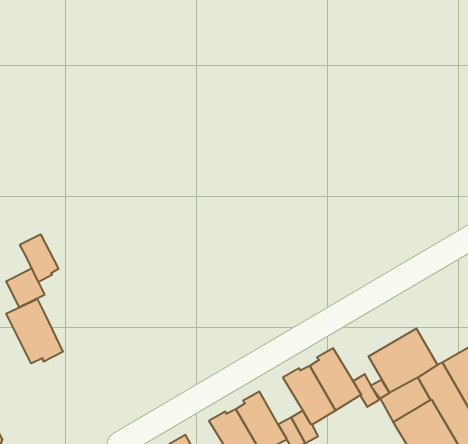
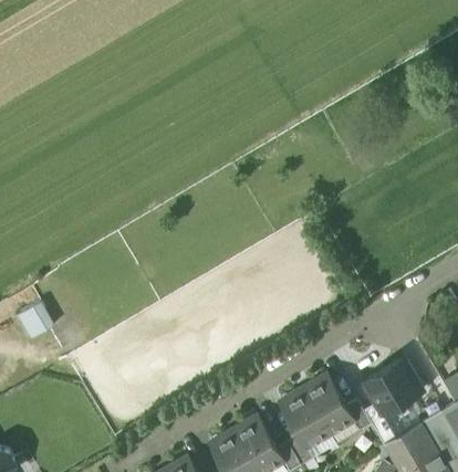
building: [20,234,58,282] -> none
building: [6,298,63,363] -> none

